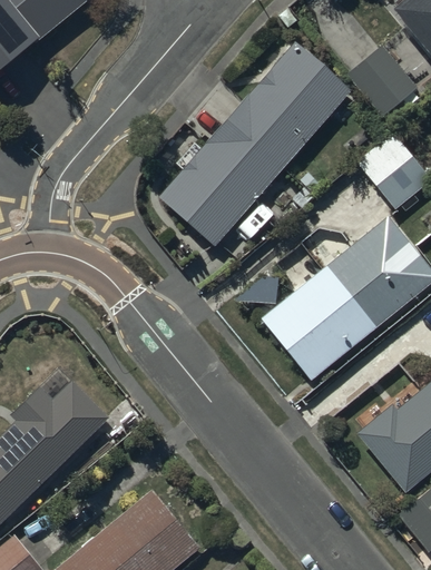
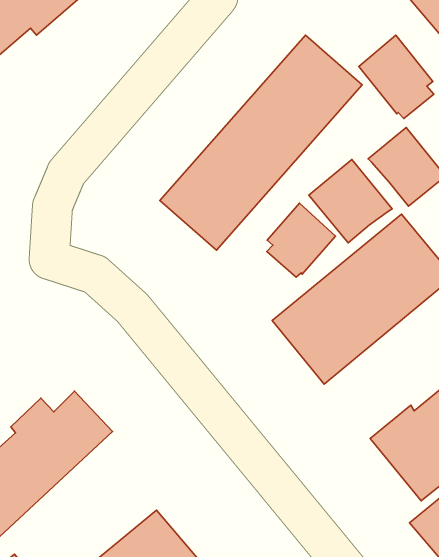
building: none -> [309,159,392,243]
building: none -> [267,203,336,277]

